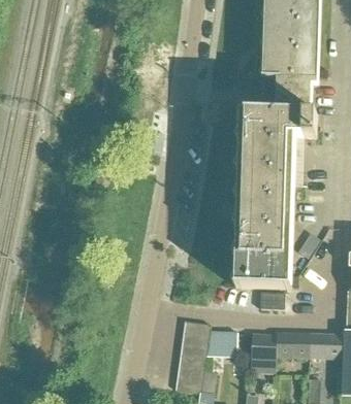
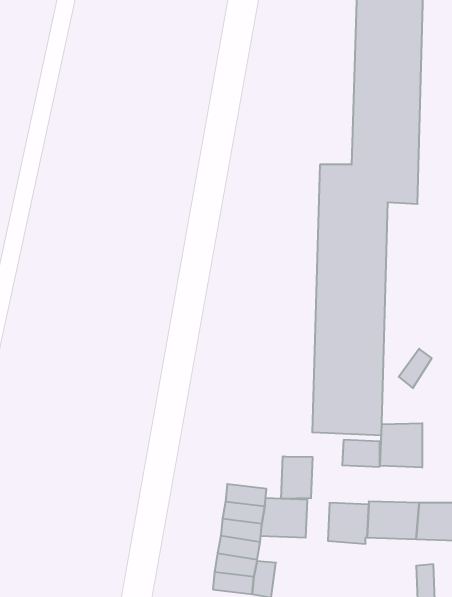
building: none -> [380,423,422,468]
building: none -> [281,456,312,499]

